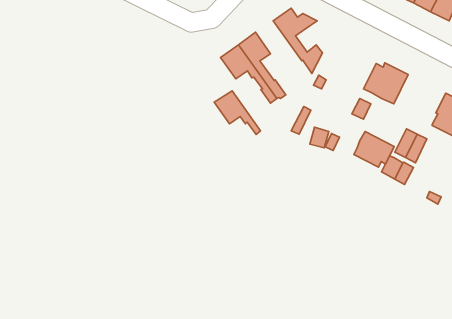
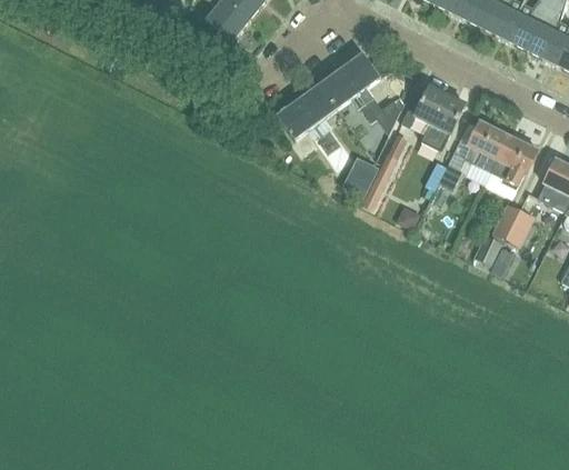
building: none -> [400,86,465,151]
building: none -> [490,134,537,184]
building: [214,91,261,135] -> [318,68,376,122]
building: none -> [343,158,378,197]
building: [354,132,394,167] -> none

